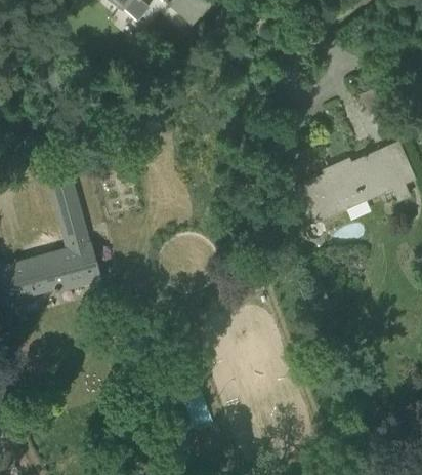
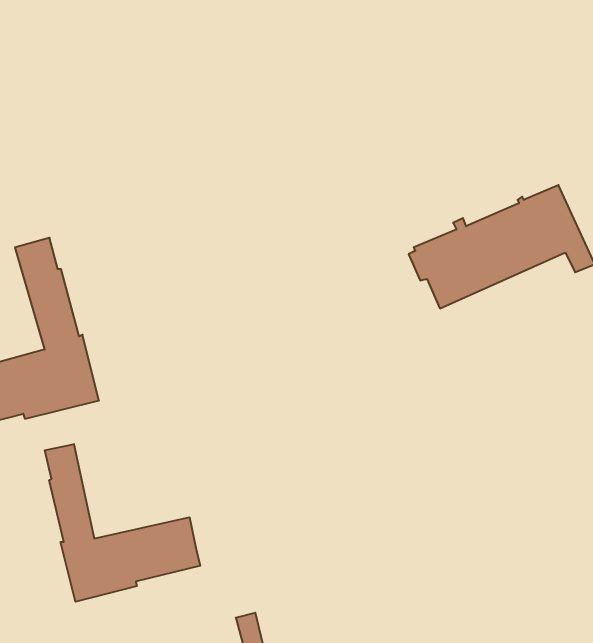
building: none -> [45,444,200,602]

